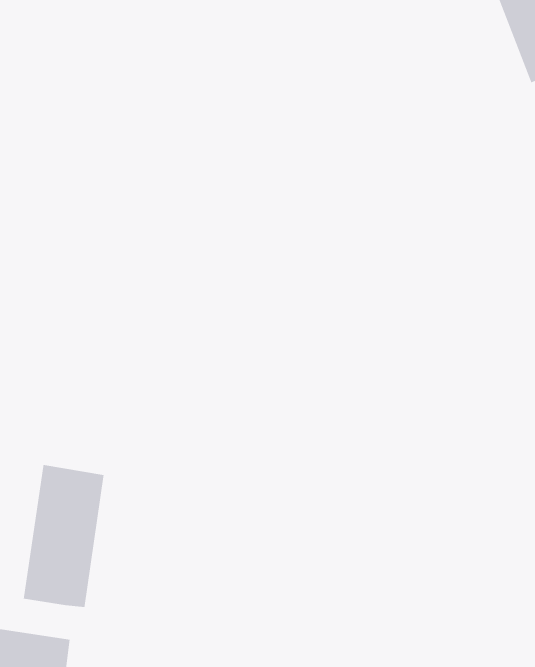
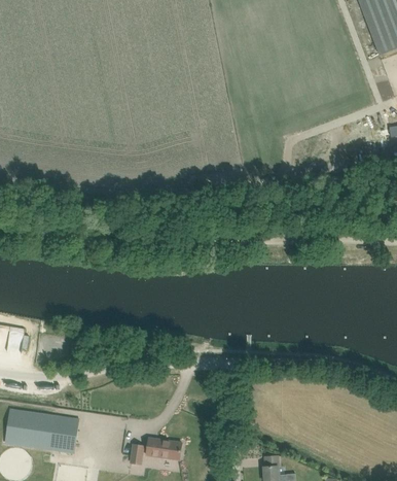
building: [23,464,104,608] -> none

